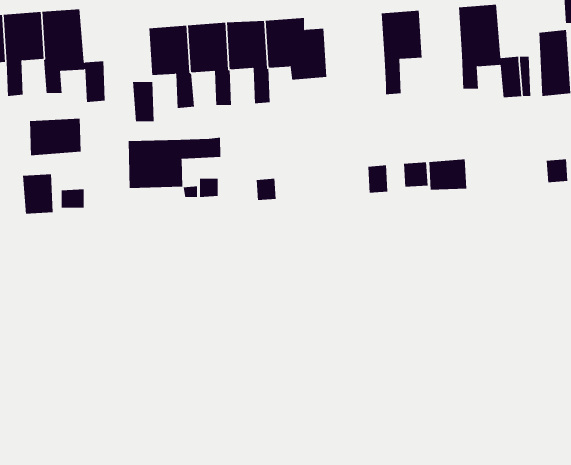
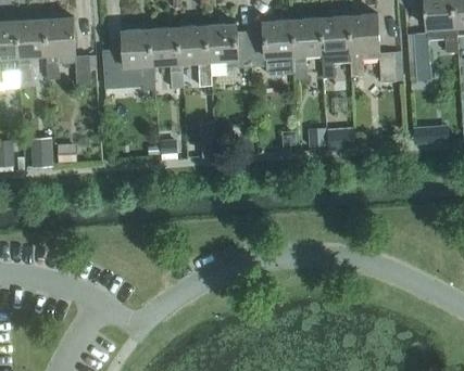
building: none -> [319,16,350,78]
building: none -> [250,21,294,75]
building: [30,118,81,156] -> none
building: [128,137,221,189] -> none

